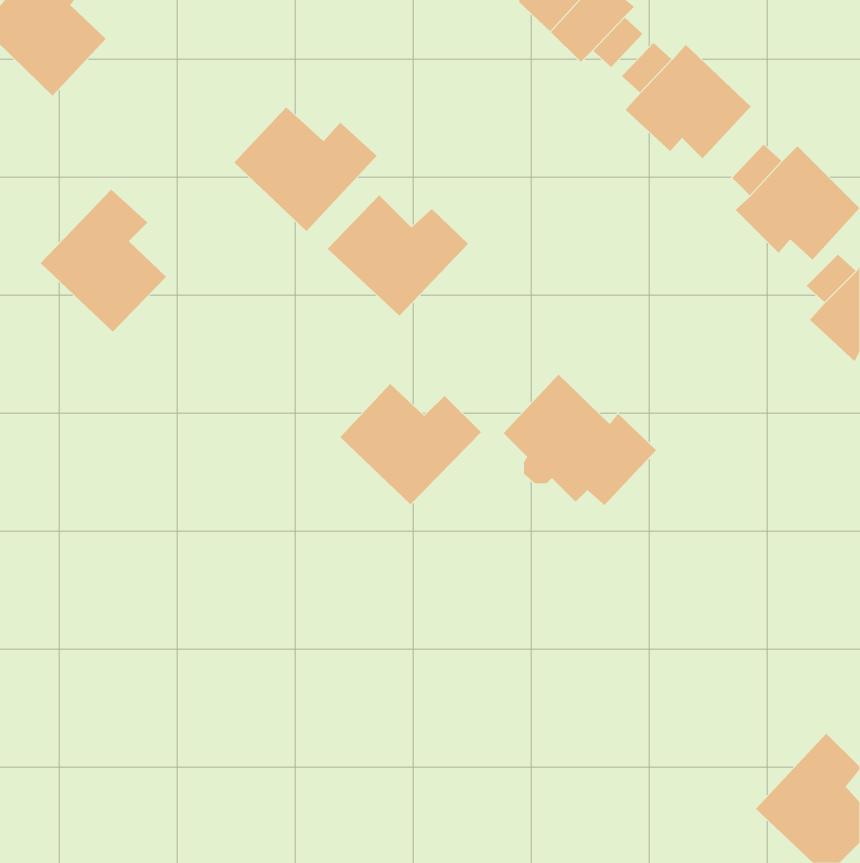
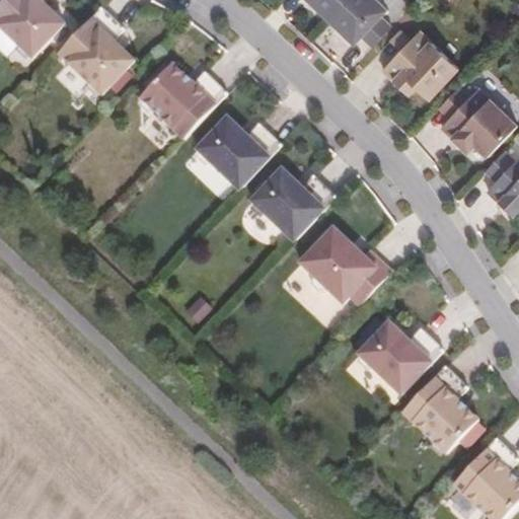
building: [40,189,167,333] -> [58,8,134,94]
building: [339,383,482,505] -> [250,168,336,241]
building: none -> [358,321,443,394]
building: none -> [399,369,475,455]

